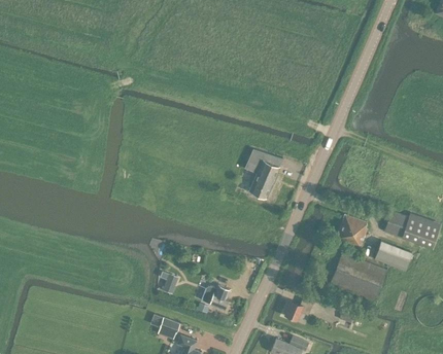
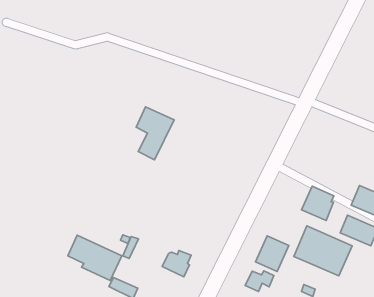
building: [245,147,282,199] -> [136,107,174,160]
building: none -> [256,236,289,272]
building: none -> [68,235,122,280]

